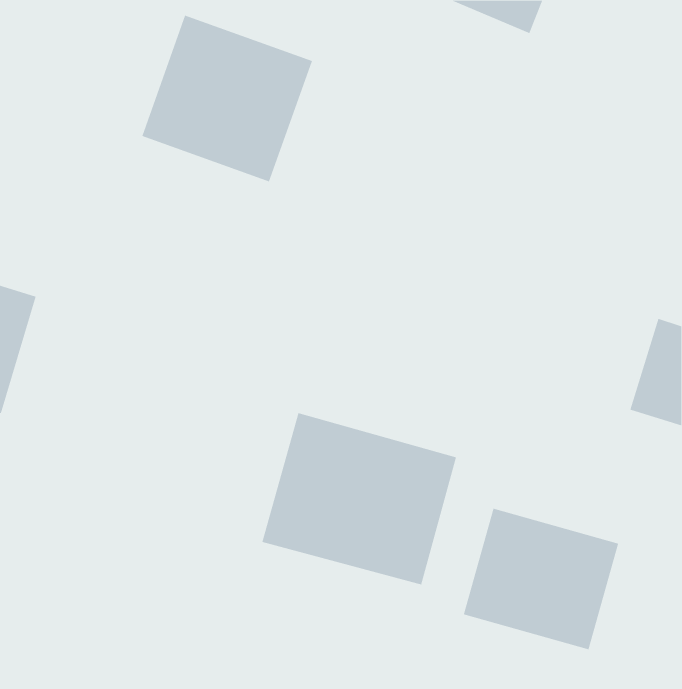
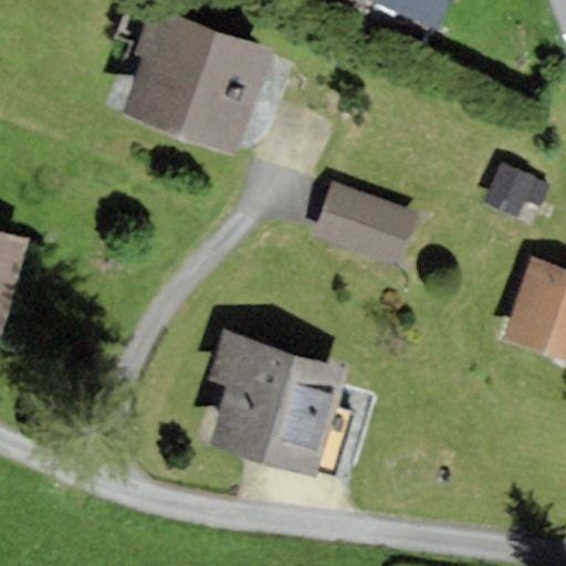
building: none -> [311,190,406,264]
building: [463,508,619,650] -> none

